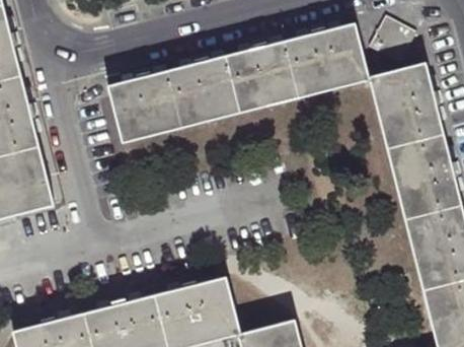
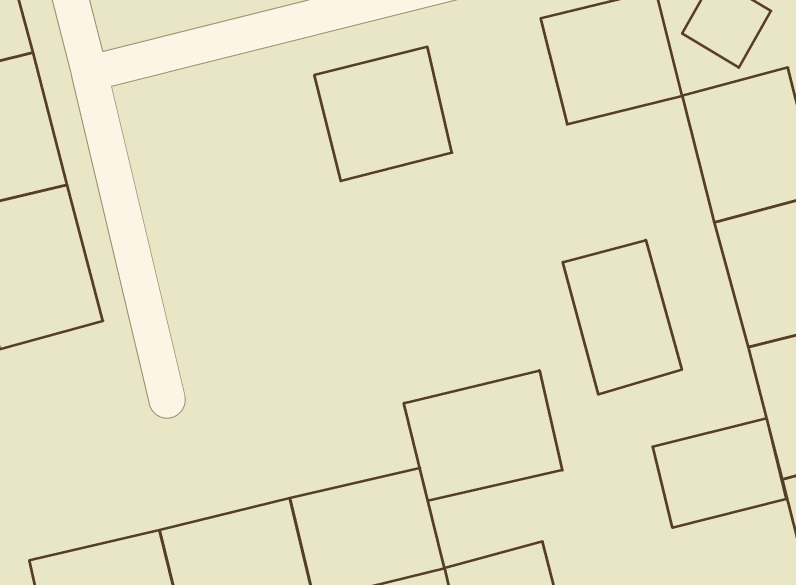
building: [231,39,306,111] -> none
building: [109,69,184,141] -> none
building: none -> [563,240,682,394]
building: none -> [404,370,562,501]
building: none -> [653,418,786,528]

